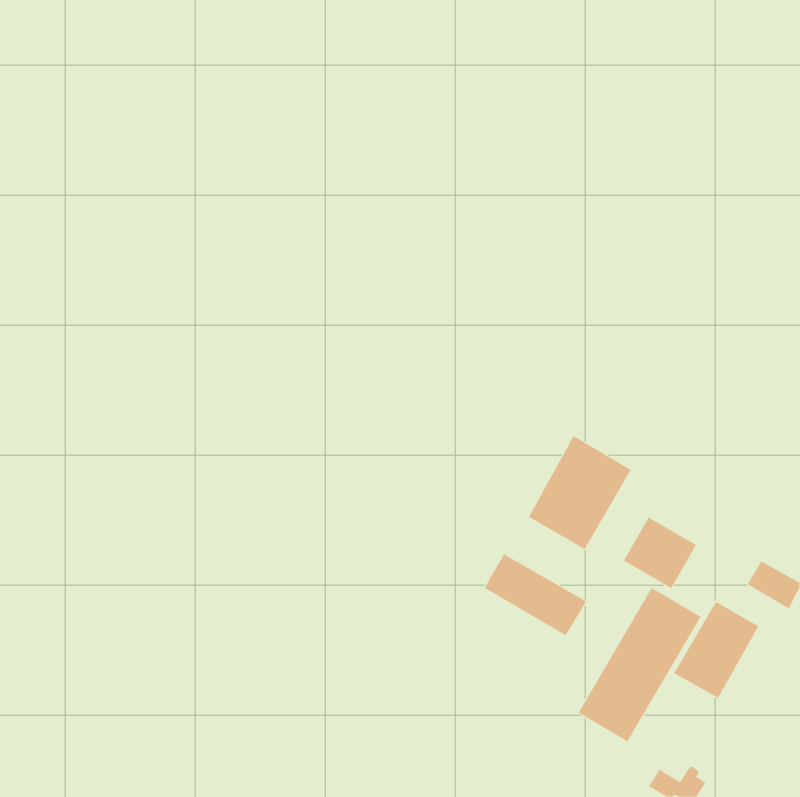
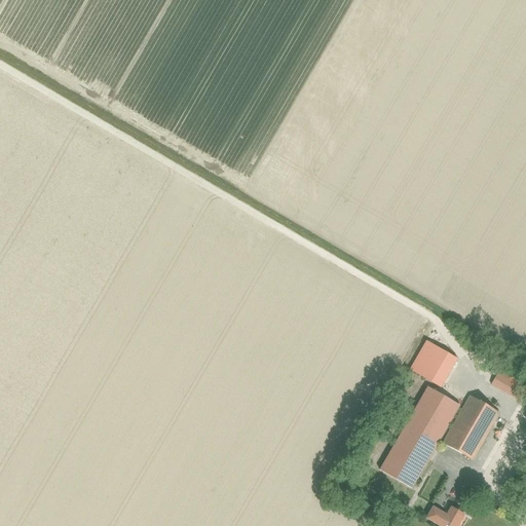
building: [528,435,632,550] -> none
building: [484,554,587,636] -> none

